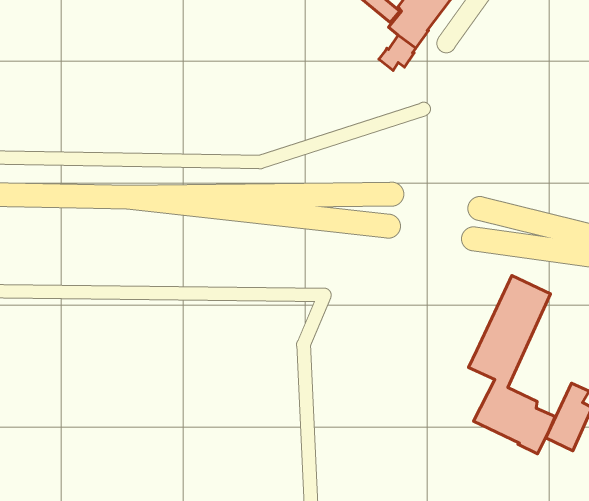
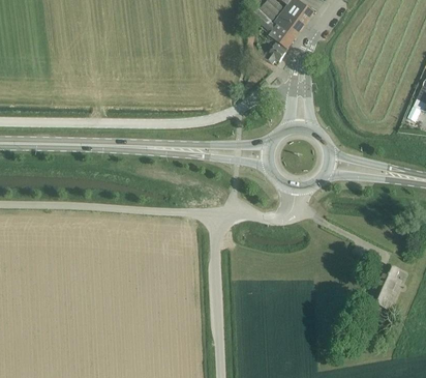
building: [469,275,555,454] -> none

